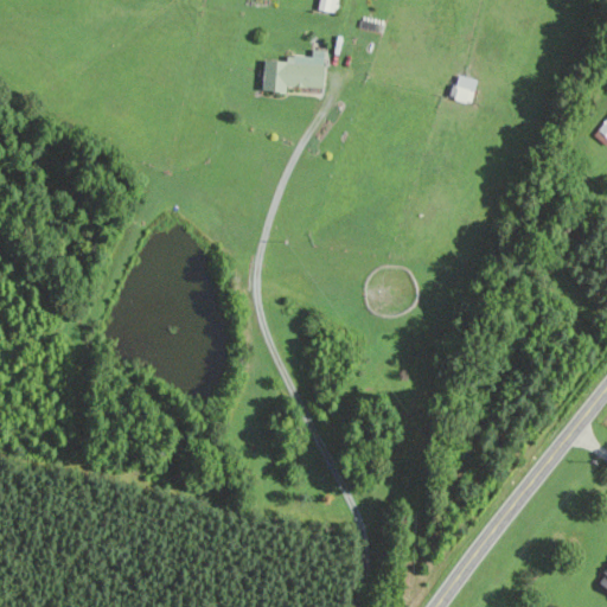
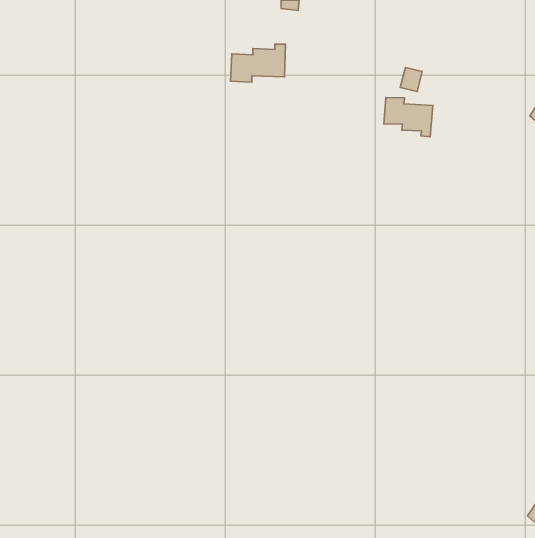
building: none -> [384,97,433,137]

